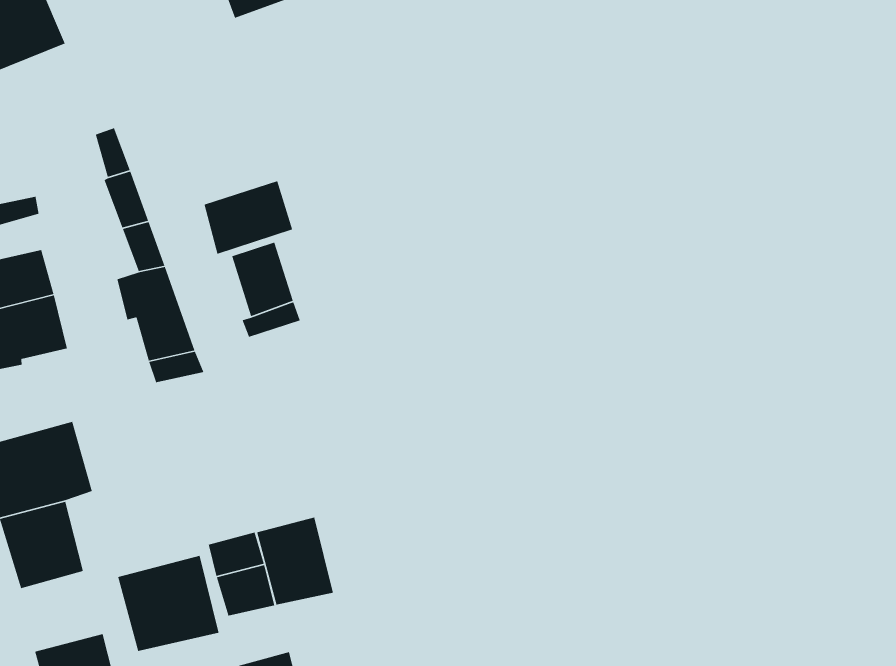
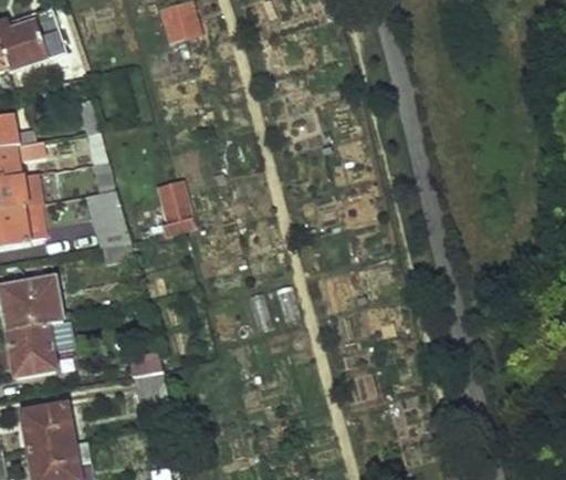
building: [203,180,293,255] -> none
building: [256,517,334,606] -> none
building: [117,555,219,652] -> none

